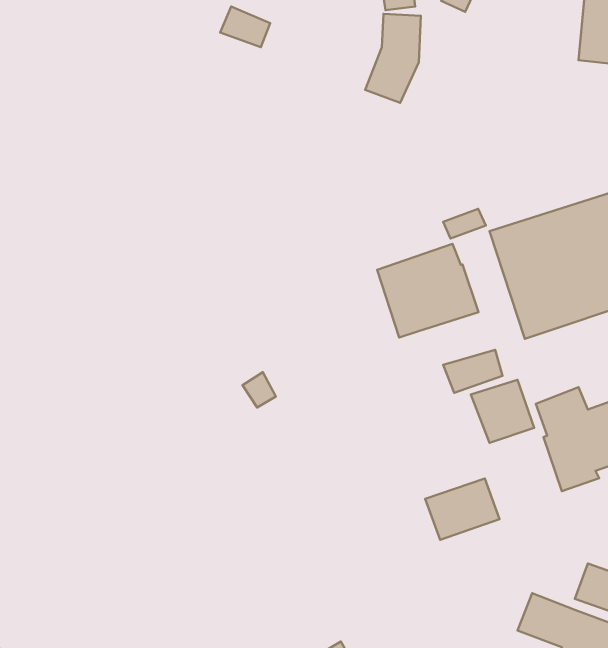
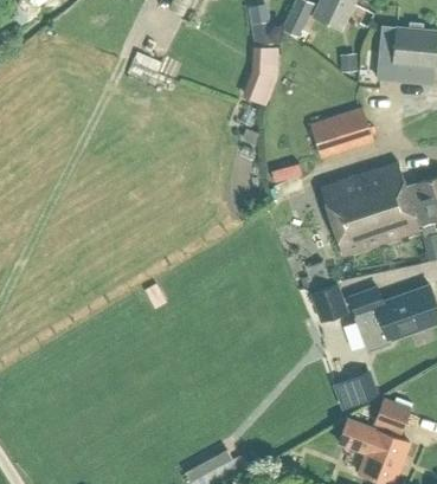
building: none -> [313,108,373,157]
building: [377,244,478,337] -> none
building: [425,478,500,540] -> [333,372,380,411]

